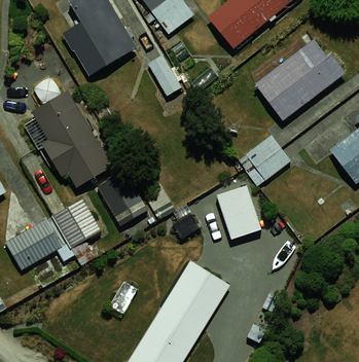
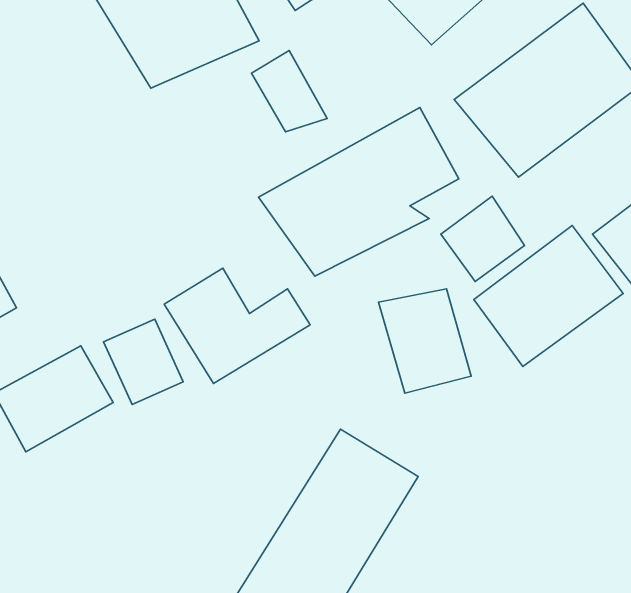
building: none -> [259,107,459,276]
building: [25,86,118,193] -> none
building: none -> [474,225,623,367]

